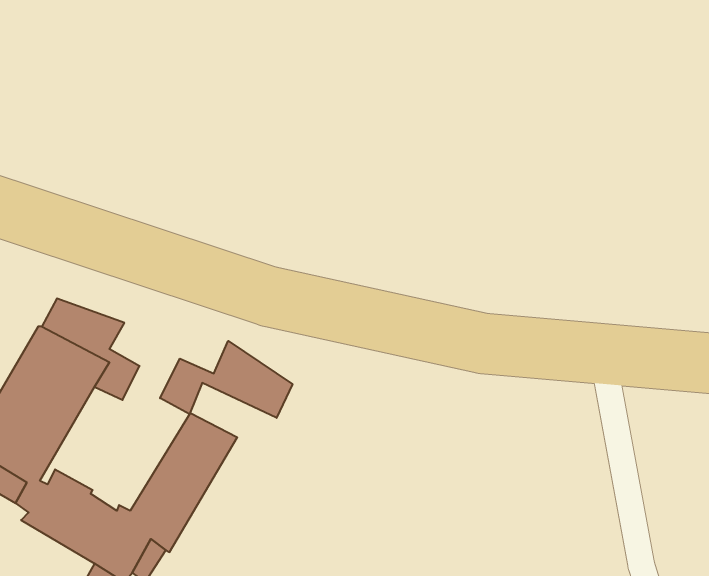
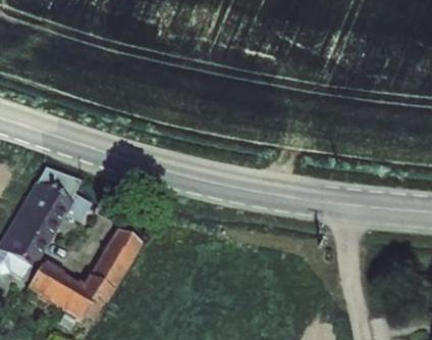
building: [160,341,292,418] -> none

